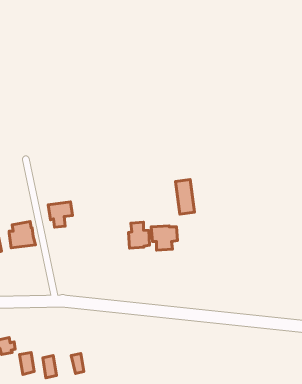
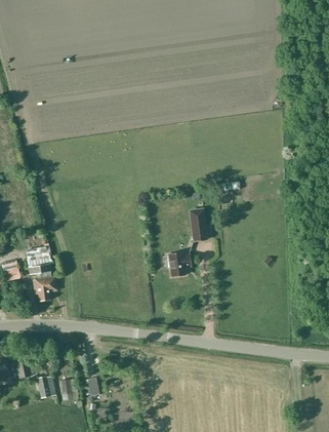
building: [48,202,72,227] -> [34,276,57,301]
building: [129,222,150,248] -> none

